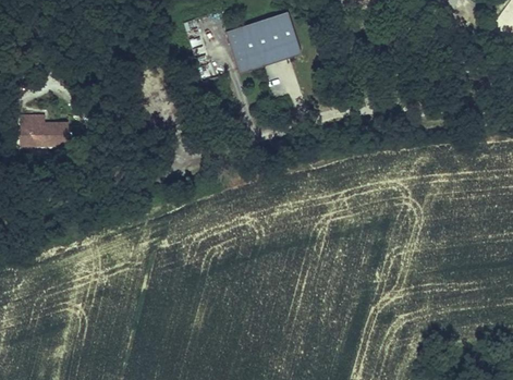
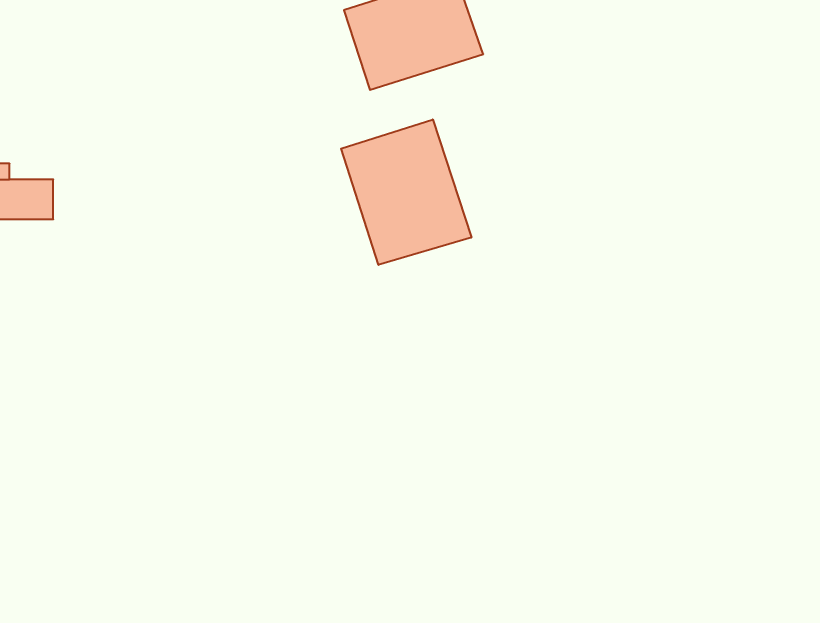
building: none -> [341,119,471,265]

